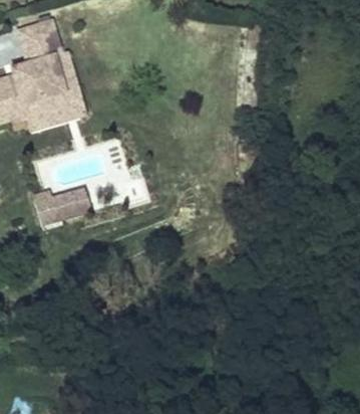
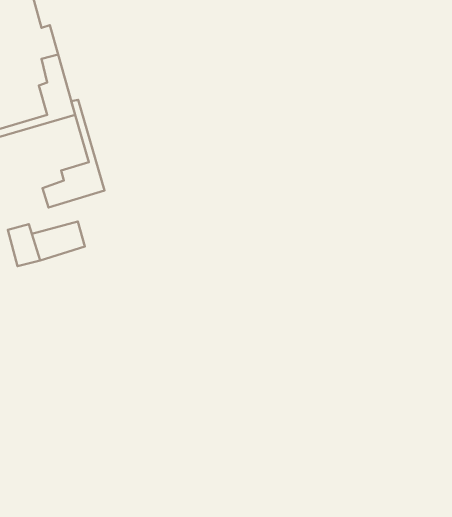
building: none -> [42,100,105,208]

